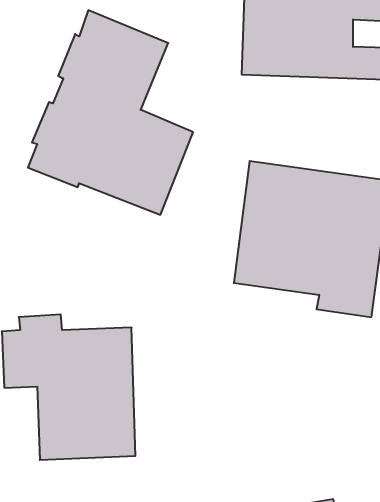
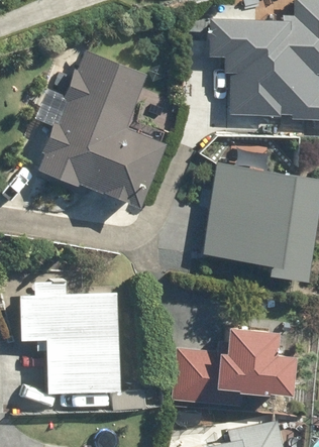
building: none -> [170,327,297,409]

